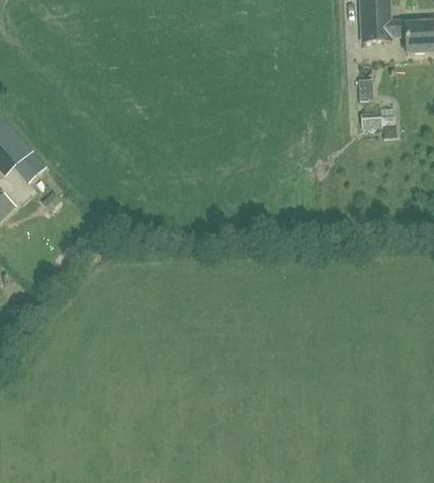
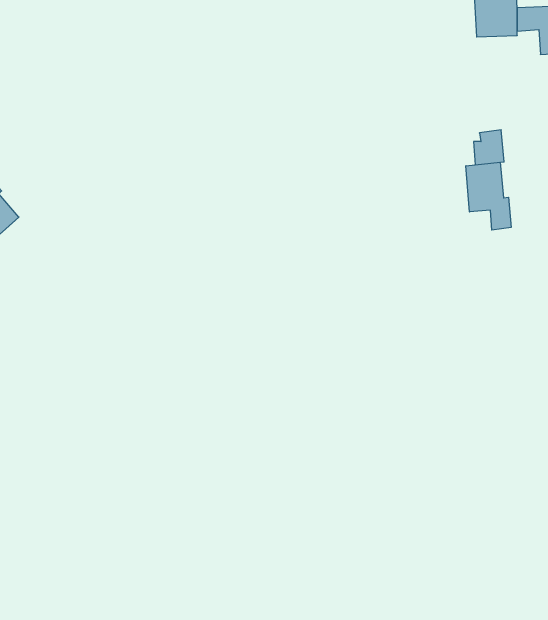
building: none -> [466,162,511,230]

